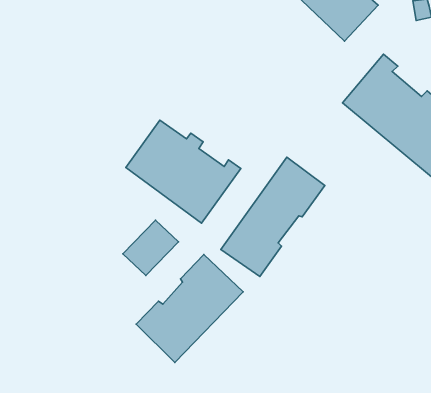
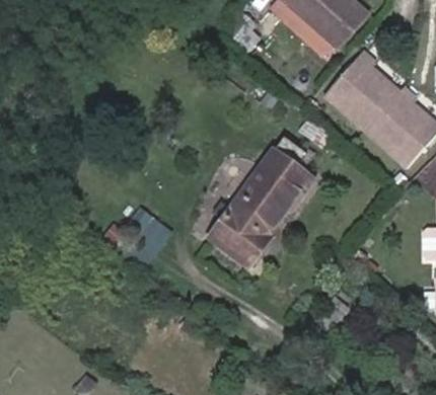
building: [126,120,241,223] -> none
building: [136,255,243,363] -> none

